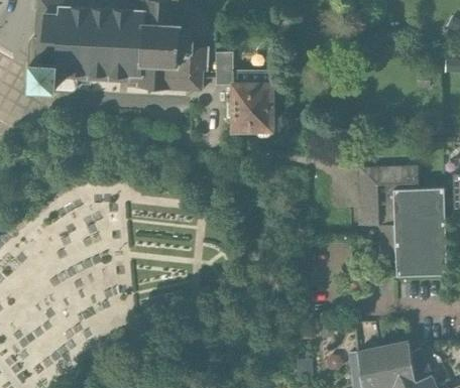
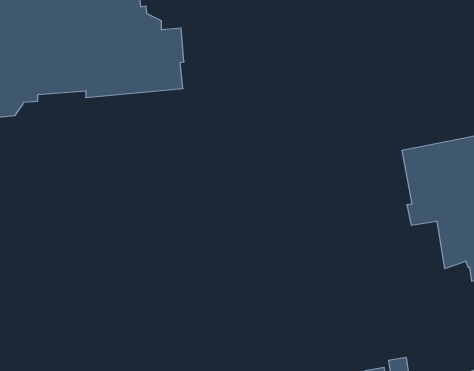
building: [216,53,275,137] -> none

